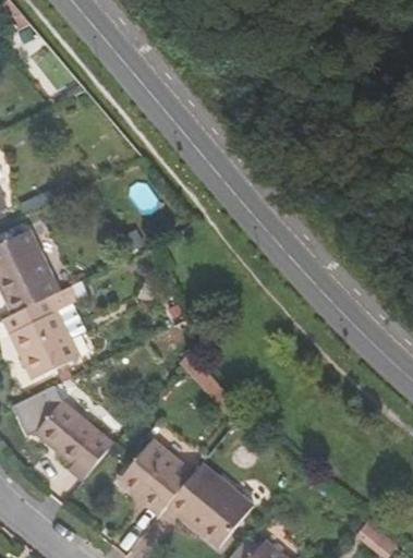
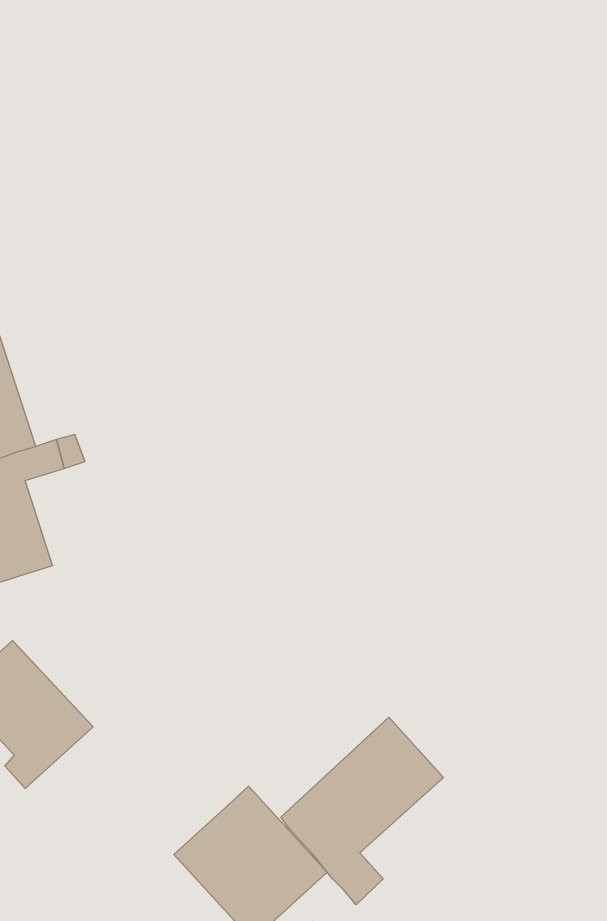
building: none -> [281,717,443,905]
building: [118,439,194,515] -> none

